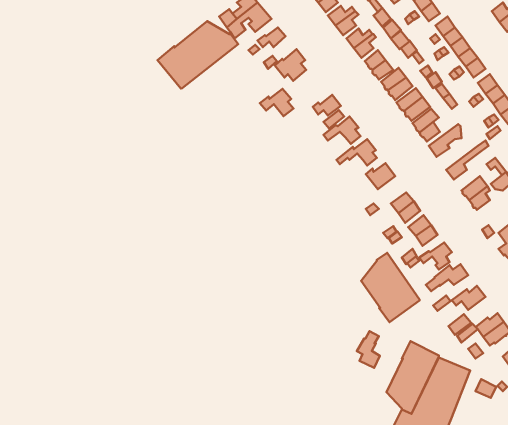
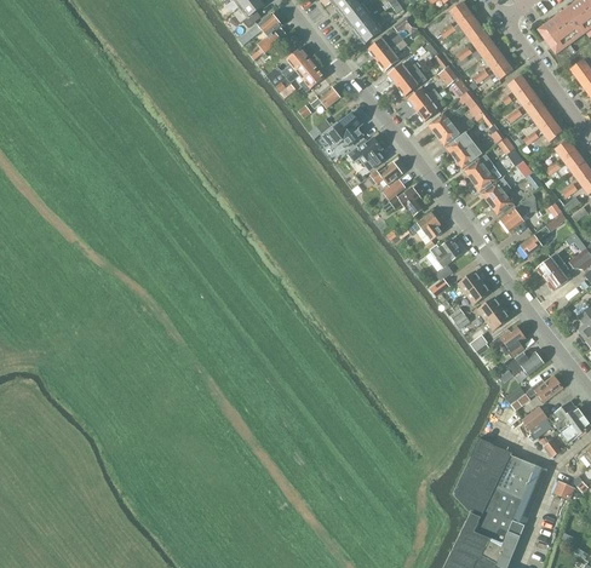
building: [157,21,238,89] -> none
building: [260,89,293,116] -> [348,137,385,167]
building: [361,253,420,322] -> none
building: [357,331,380,368] -> none

